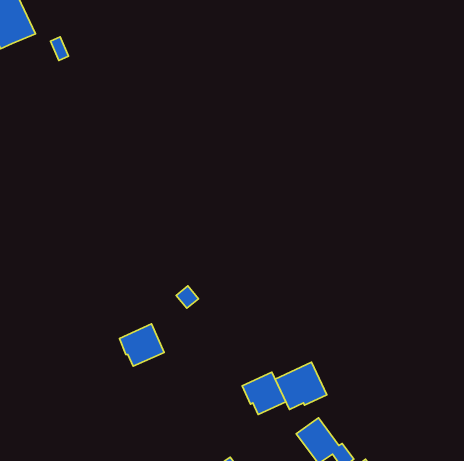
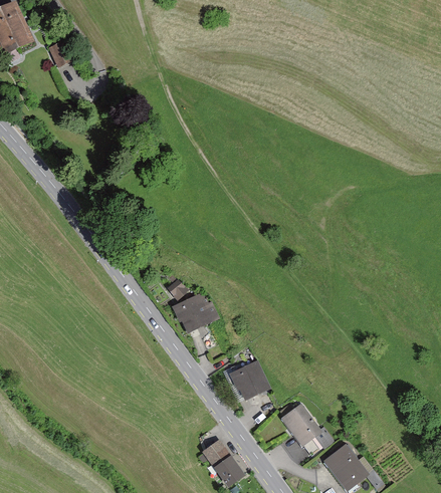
building: [119,324,164,366] -> [173,292,215,332]
building: [275,362,327,409] -> none

